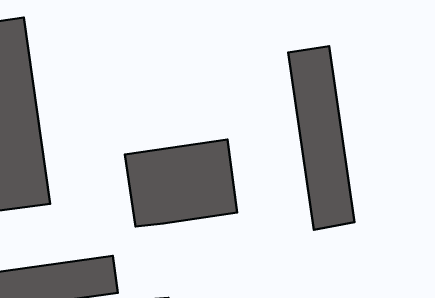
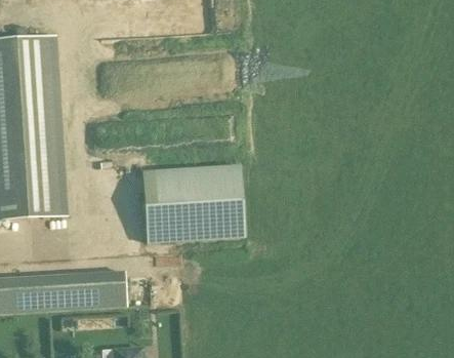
building: [288,46,355,230] -> none

